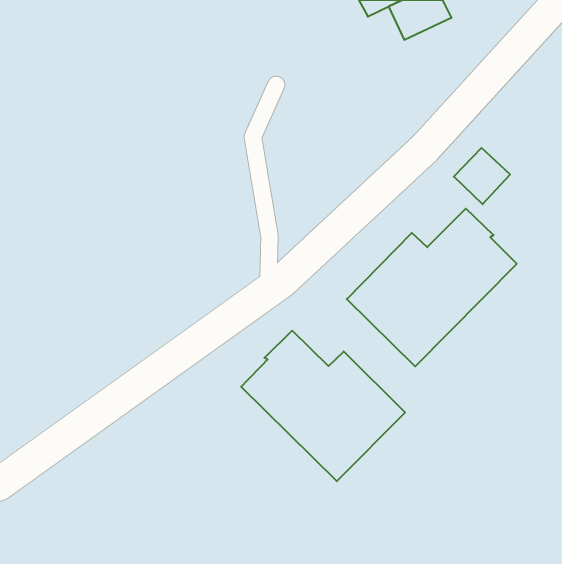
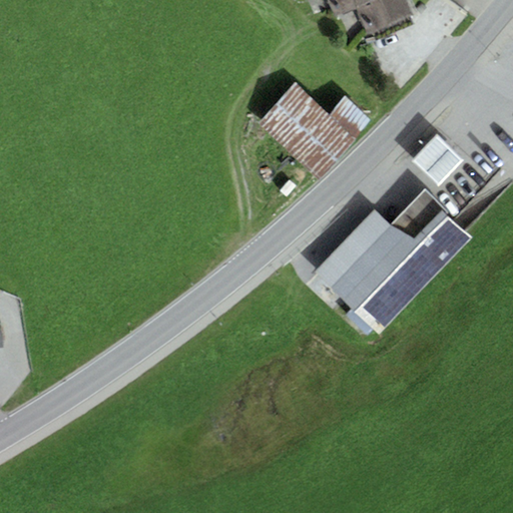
building: none -> [260,82,369,175]
building: [241,331,405,481] -> none

